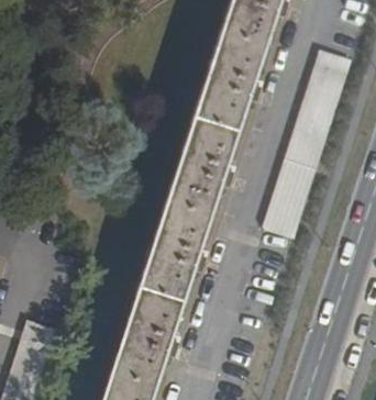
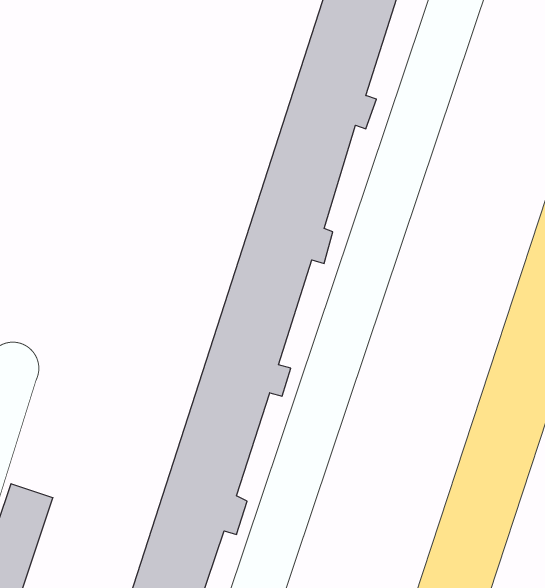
building: [266,53,350,237] -> none

